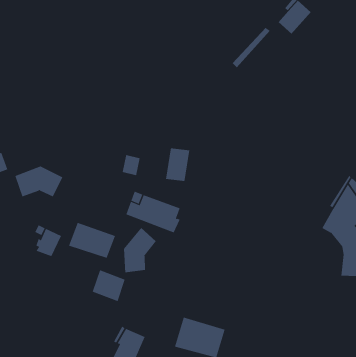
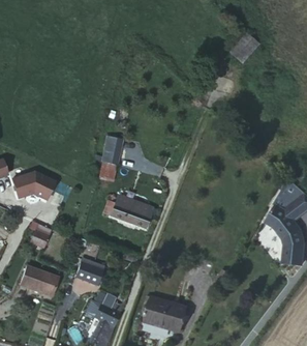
building: [165,148,190,182] -> [102,136,123,164]
building: [68,222,116,258] -> [20,266,59,296]
building: [123,227,157,273] -> none

